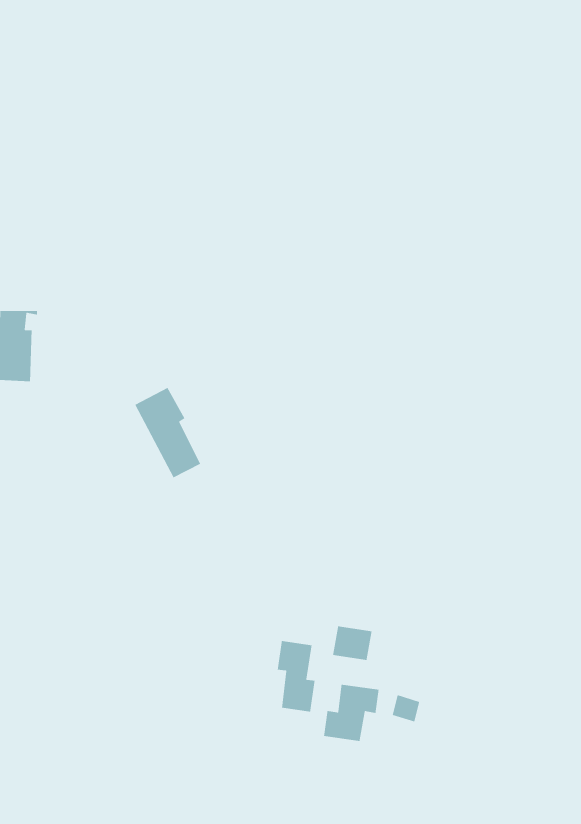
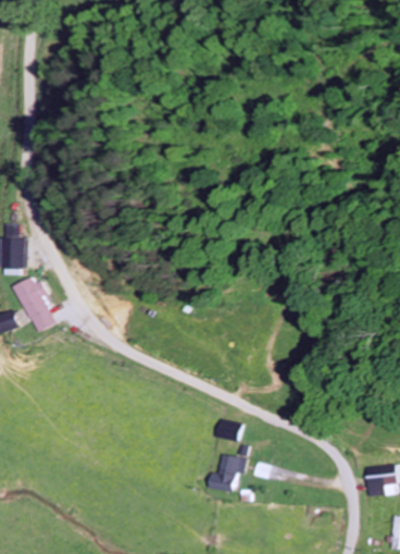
building: [134,387,201,478] -> [15,276,57,333]
building: [277,640,316,712] -> none

